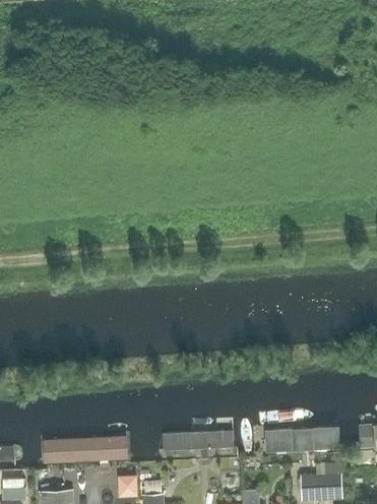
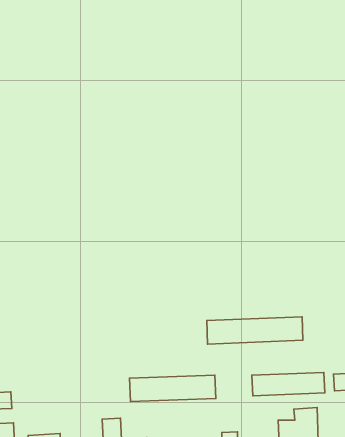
building: none -> [207,317,303,344]
building: [46,438,137,461] -> none

